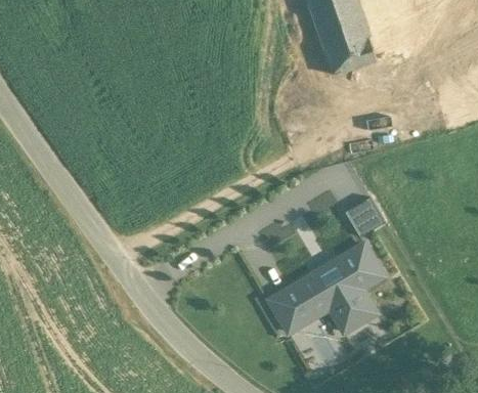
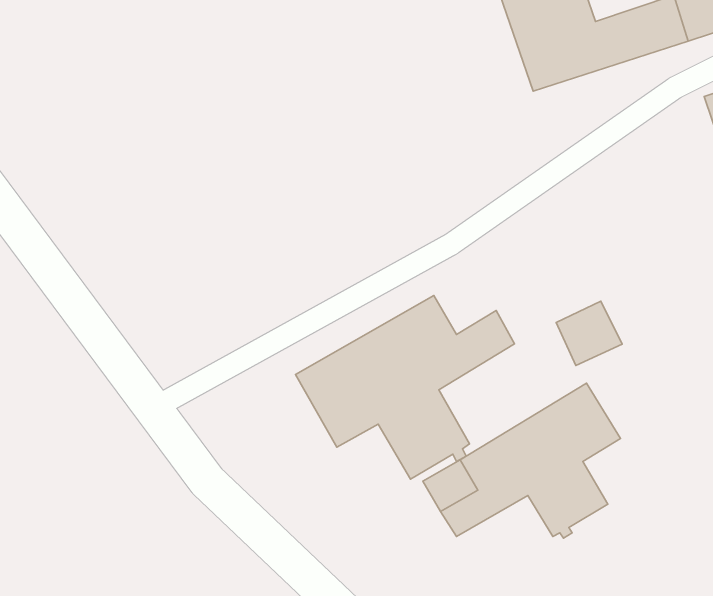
building: none -> [296,295,514,479]

